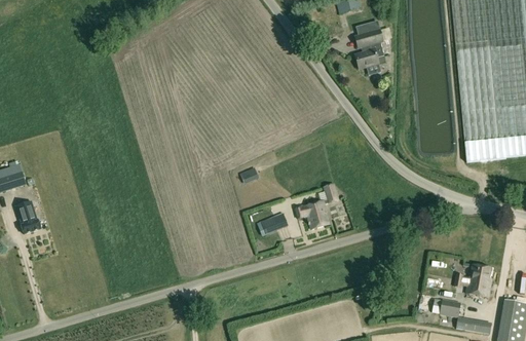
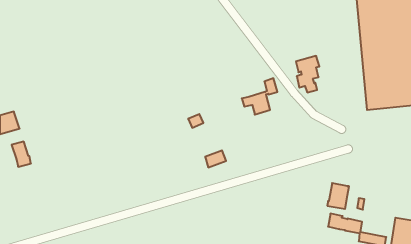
building: [355,29,385,75] -> [296,56,319,92]
building: [295,183,340,229] -> [242,78,277,115]
building: [466,264,494,297] -> [327,183,349,209]

